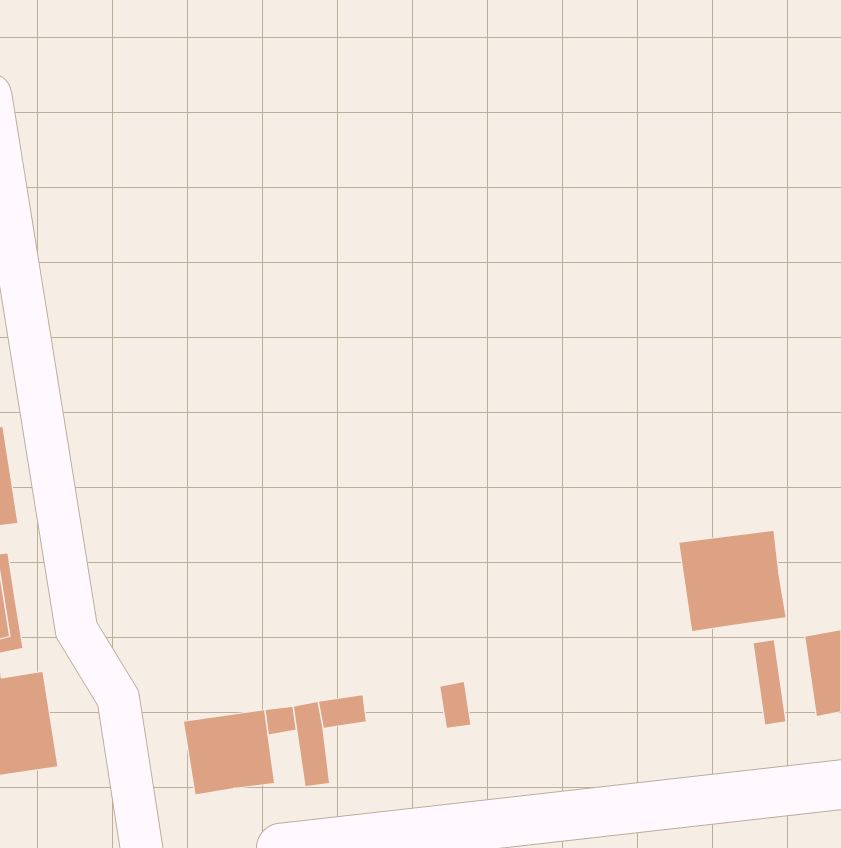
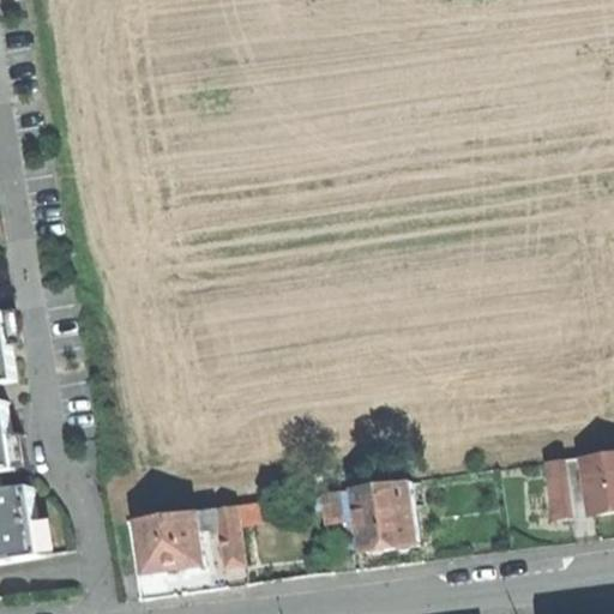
building: [679,530,786,632] -> none
building: none -> [350,482,414,552]

